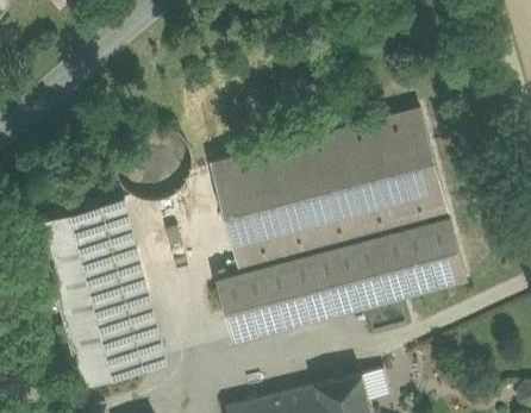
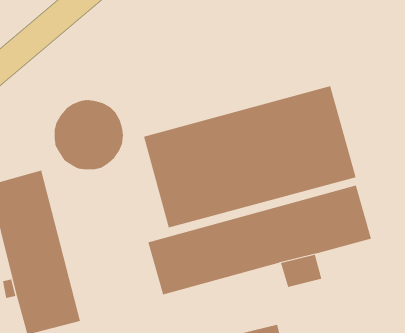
building: [99,196,164,368] -> none

